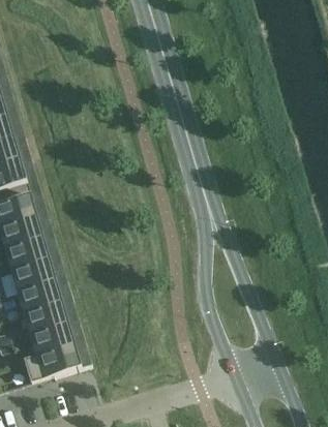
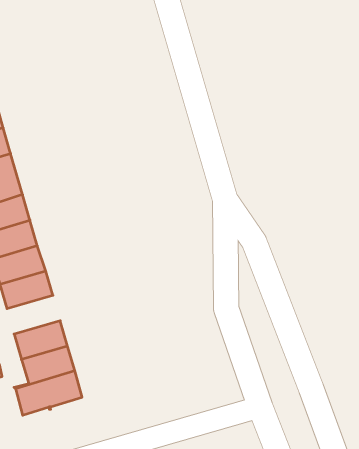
building: [17,279,62,312] -> none

